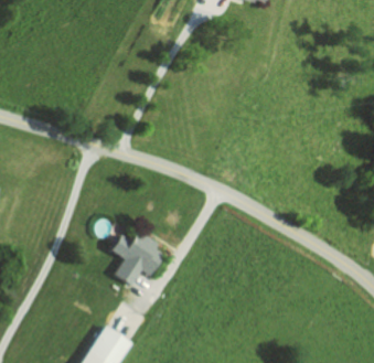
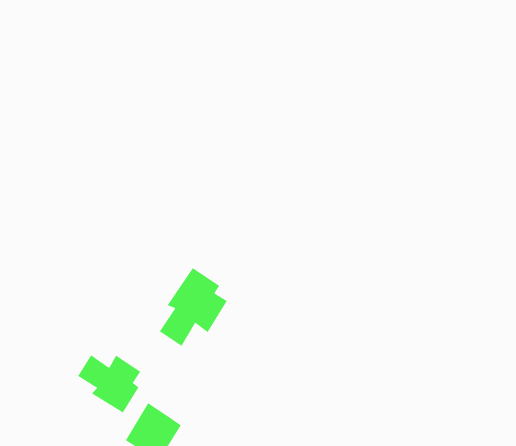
building: none -> [77,354,141,413]

